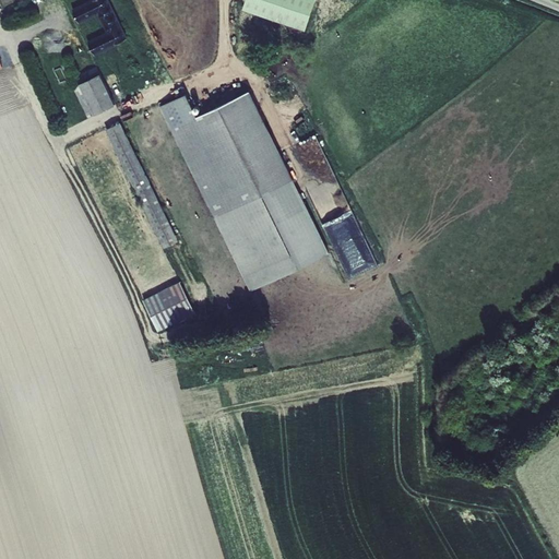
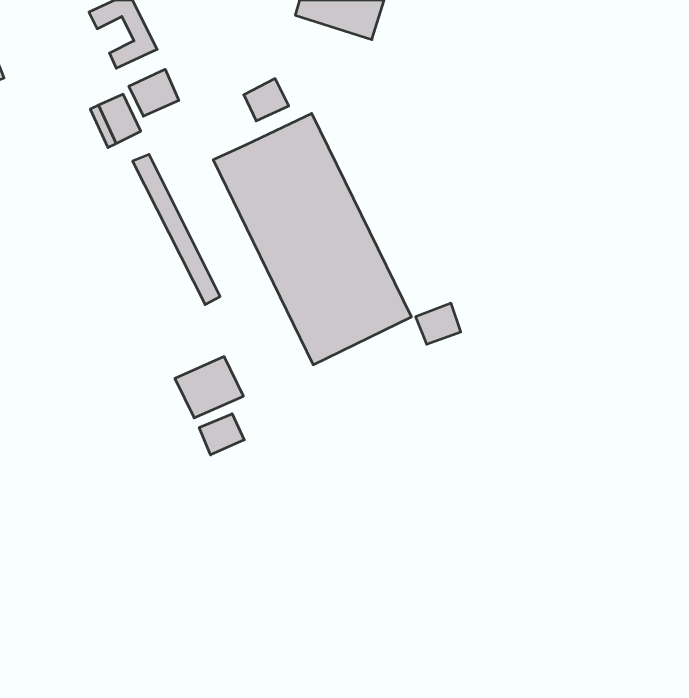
building: none -> [129,69,179,116]
building: [160,94,197,128] -> [244,79,289,121]
building: none -> [199,414,244,455]

